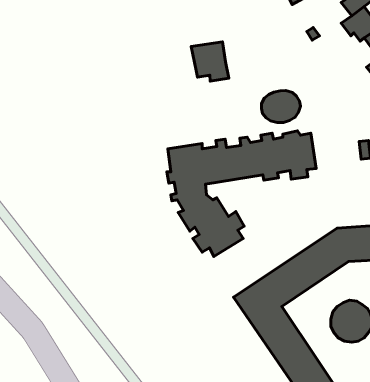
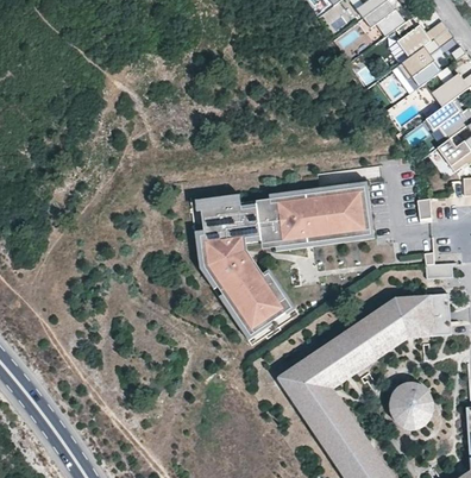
building: [191,42,229,81] -> none
building: [262,91,300,123] -> none

